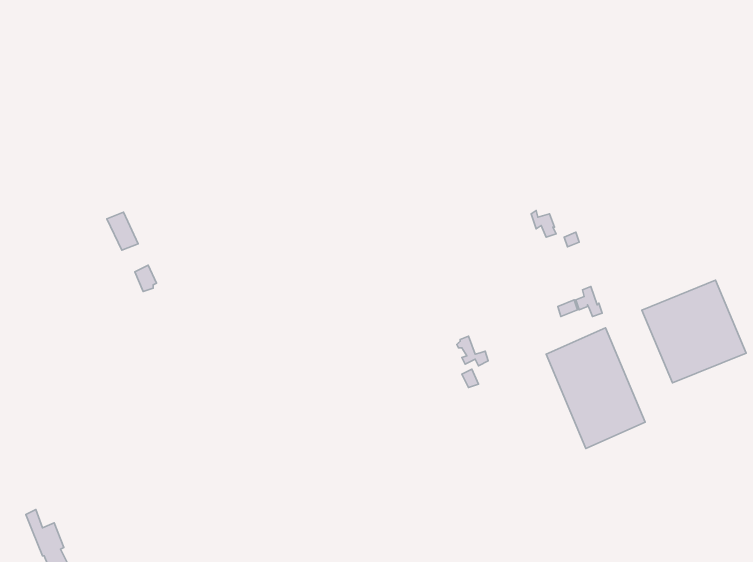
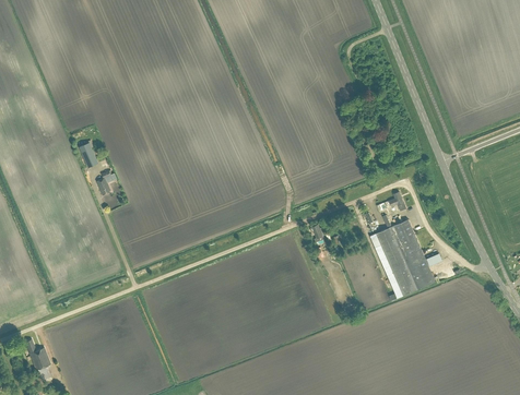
building: [642,280,746,383] -> none

